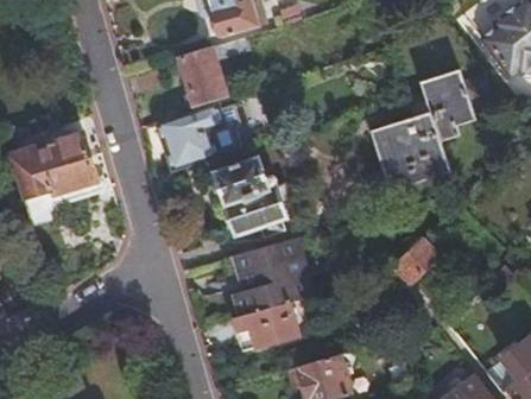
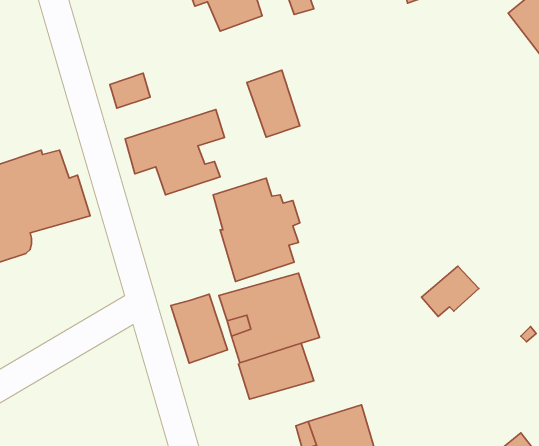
building: [178,46,223,103] -> [247,70,300,137]
building: [372,69,474,189] -> none
building: none -> [171,294,228,363]

